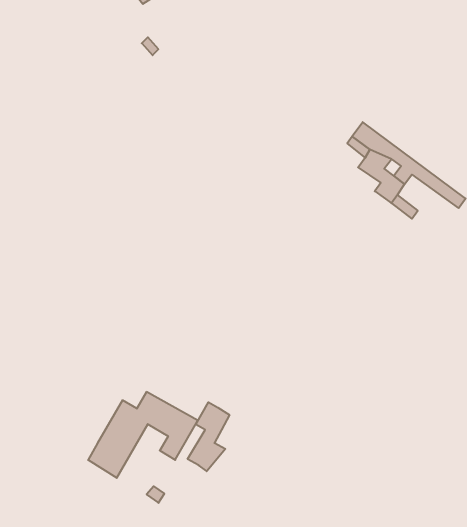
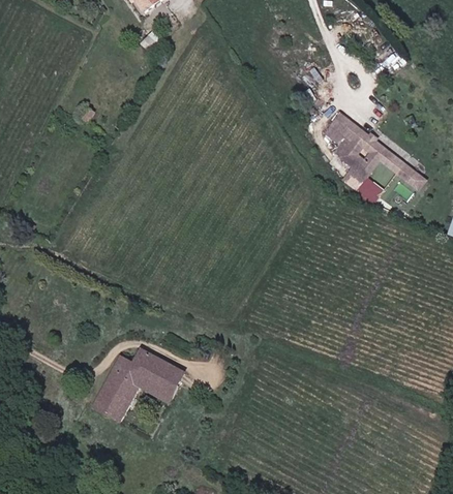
building: [188,402,229,471] -> none

